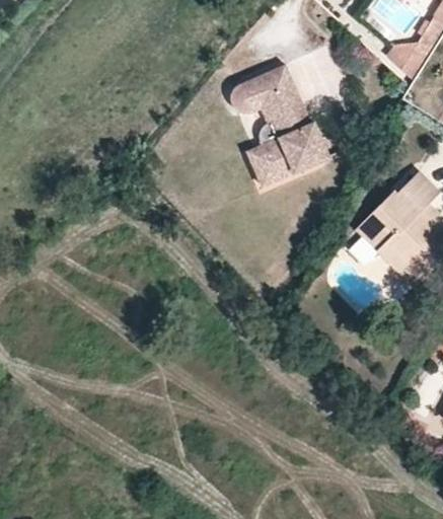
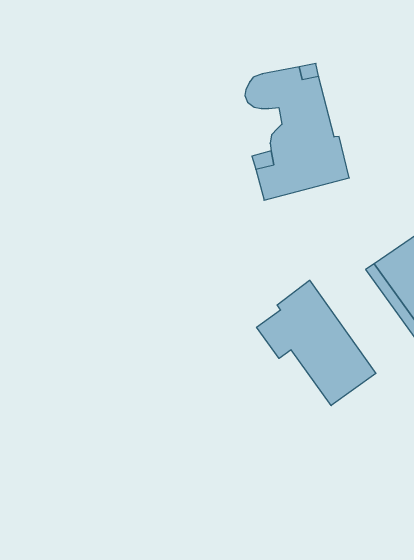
building: none -> [257,280,376,406]

